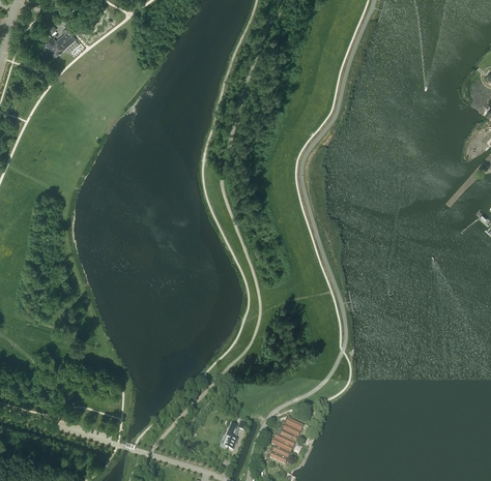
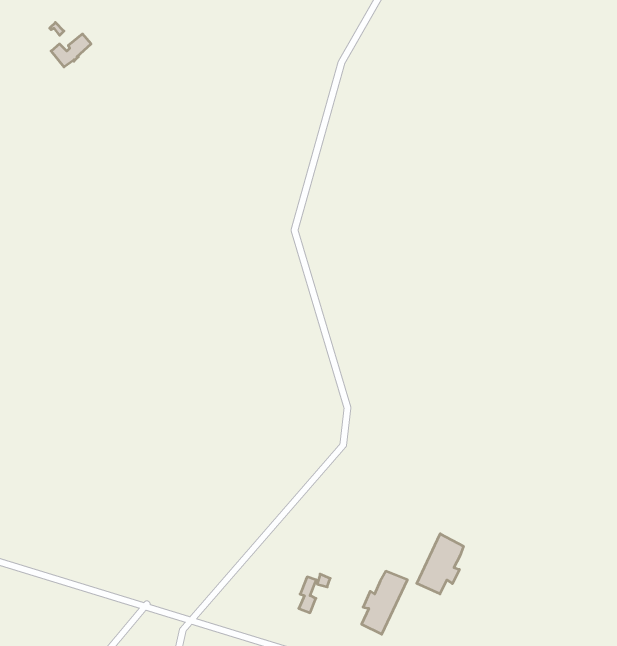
building: none -> [417,534,463,594]

